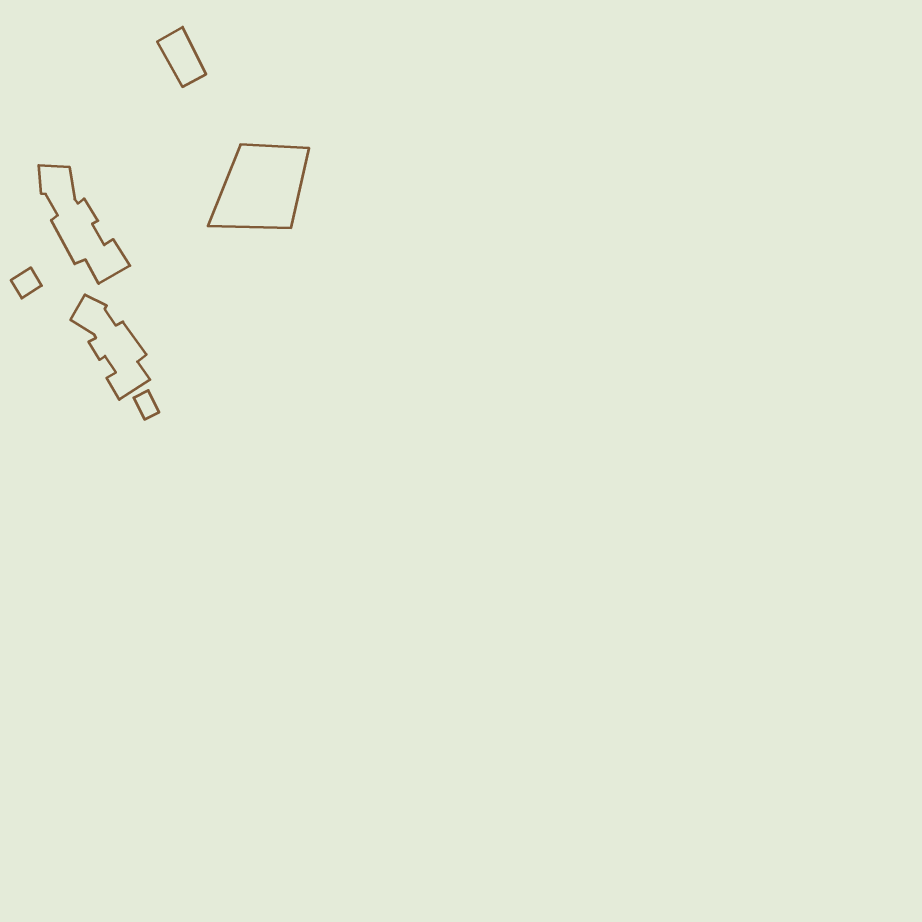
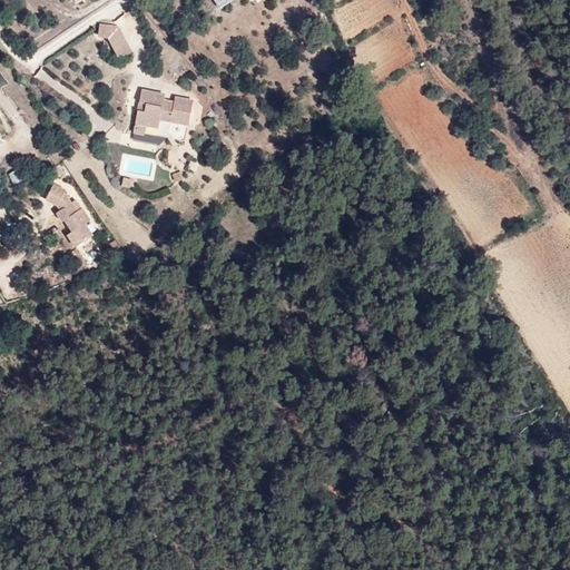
building: [39,165,130,284] -> none

